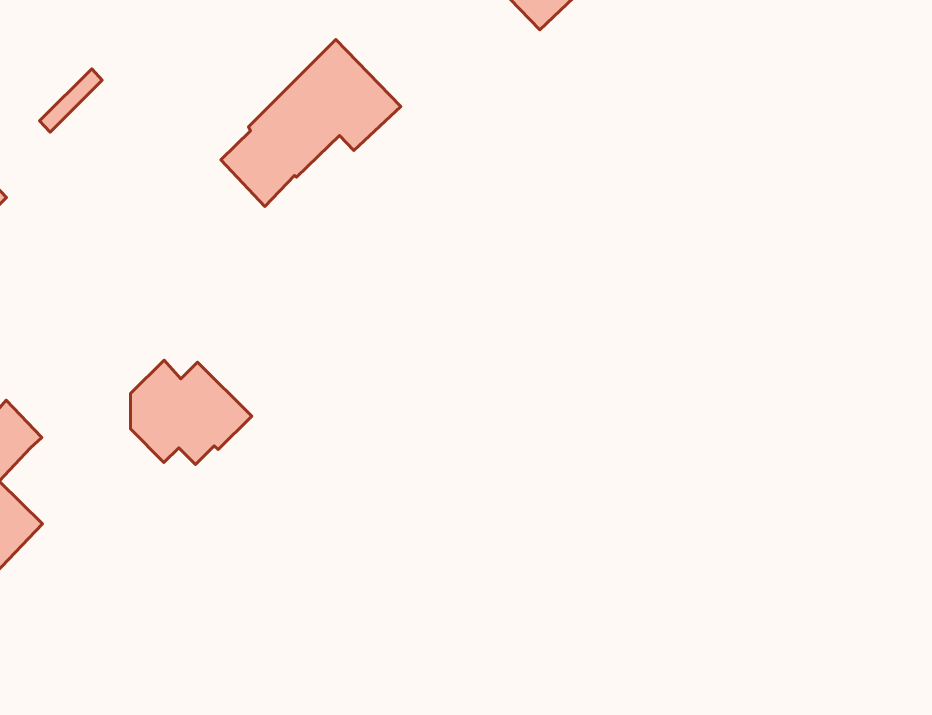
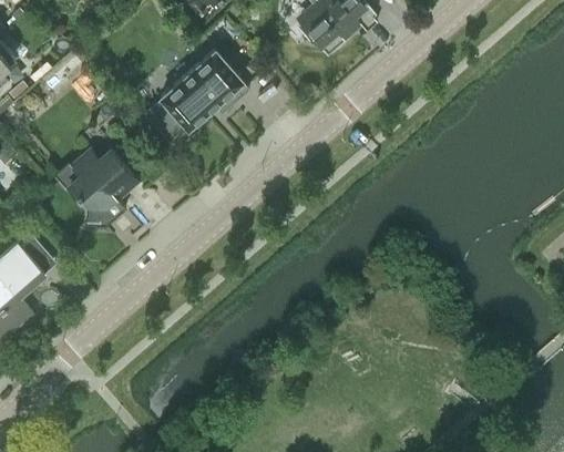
building: [131,360,252,465] -> [70,148,139,208]

